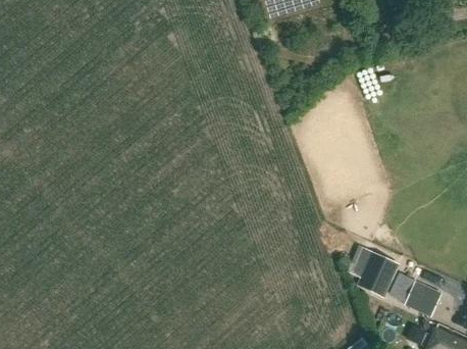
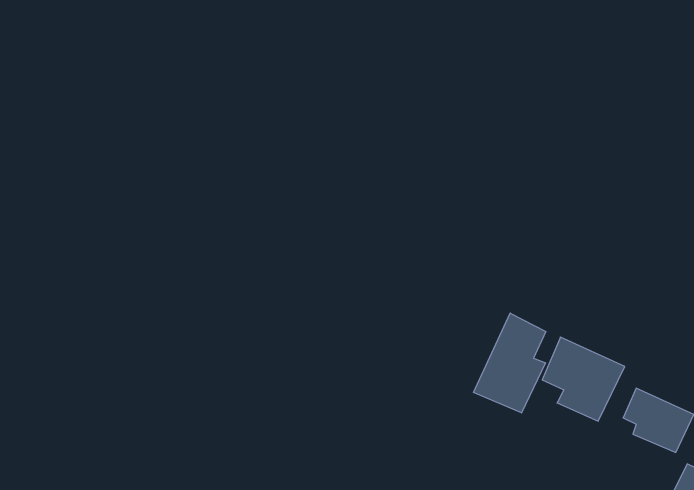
building: none -> [474,313,546,413]

